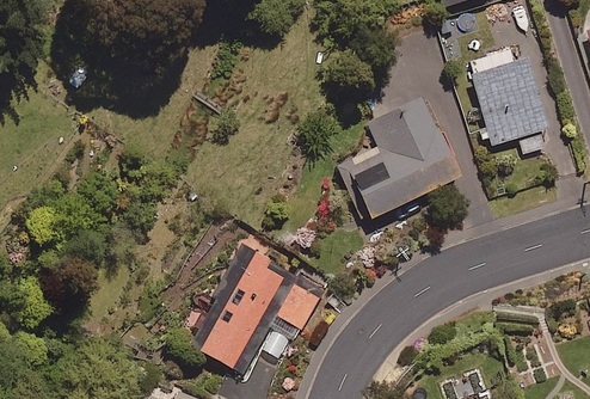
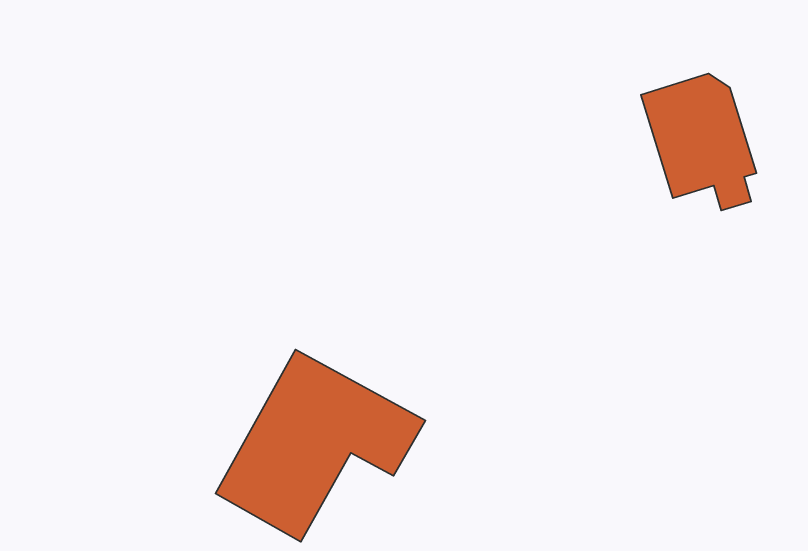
building: [337,96,459,222] -> none

